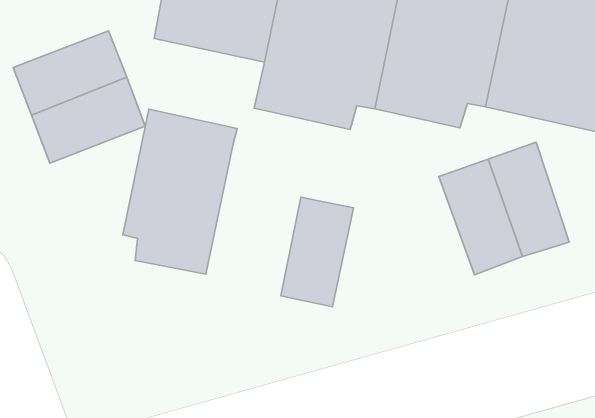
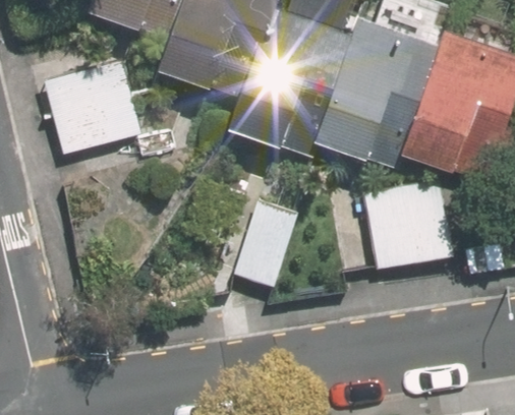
building: [123,109,237,274] -> none

